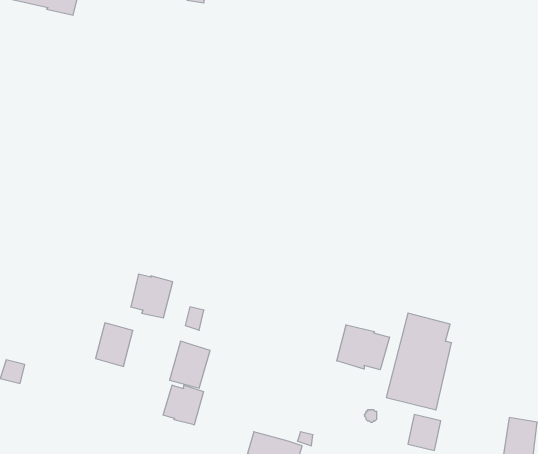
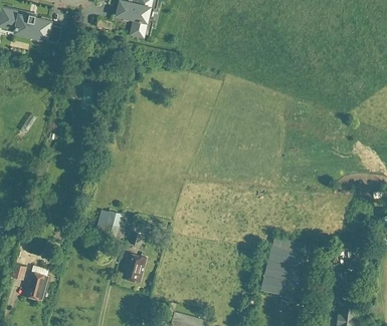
building: [96,323,133,366] -> [23,272,47,300]
building: [337,325,390,370] -> none
building: [163,385,203,425] -> none

